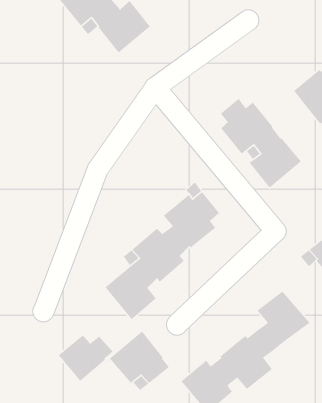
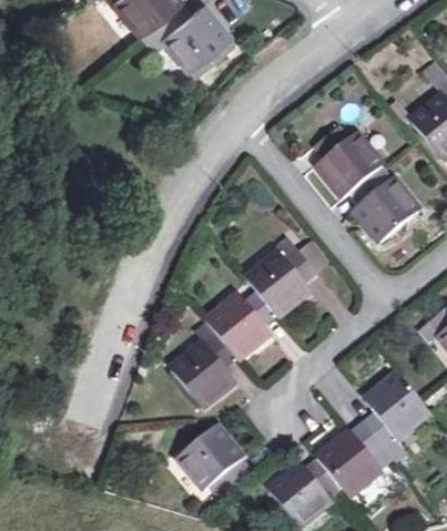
building: [58,335,113,382] -> none

